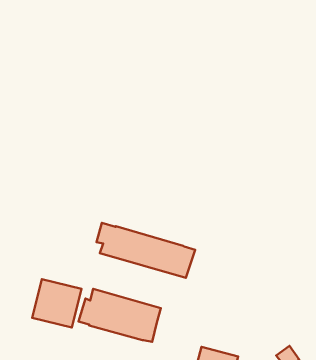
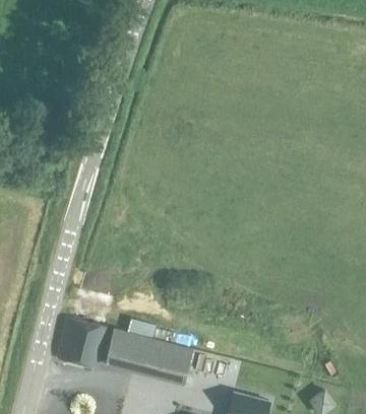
building: [97,223,195,278] -> none

